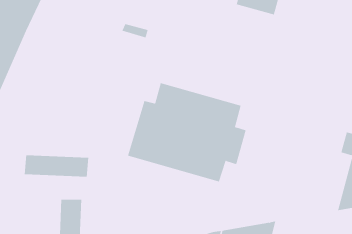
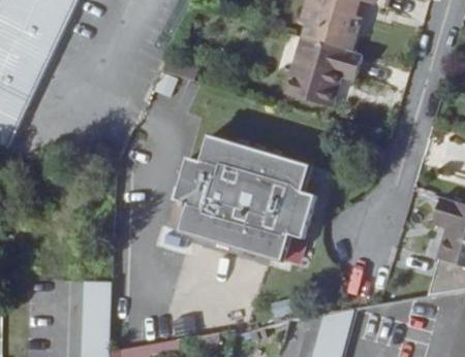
building: none -> [286,38,362,108]
building: [24,155,89,177] -> none

